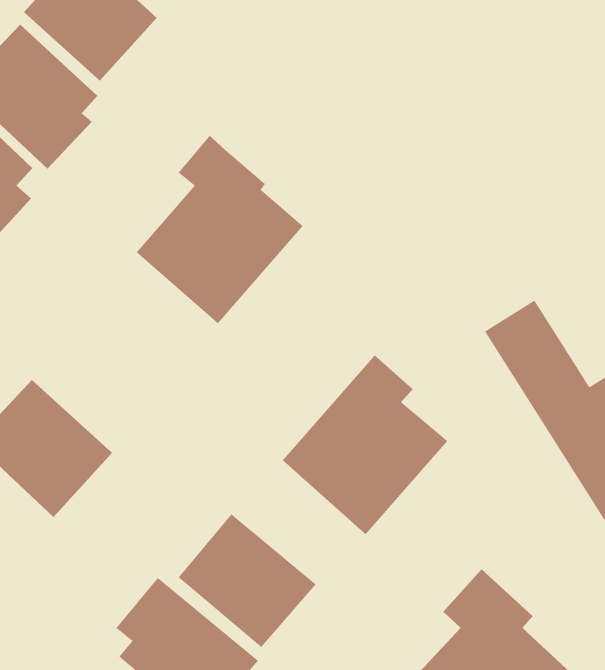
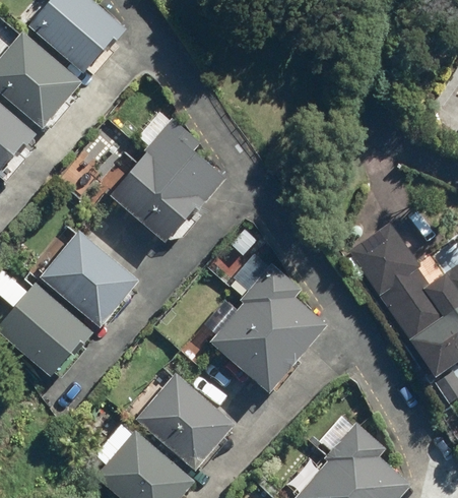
building: none -> [39,228,137,325]

